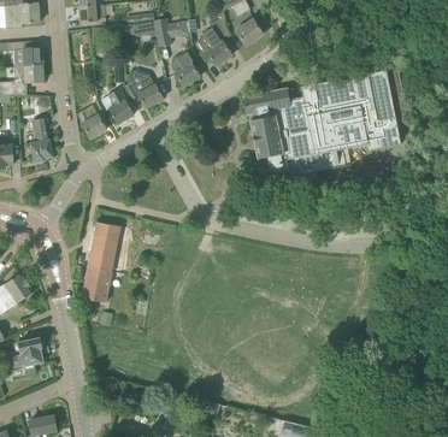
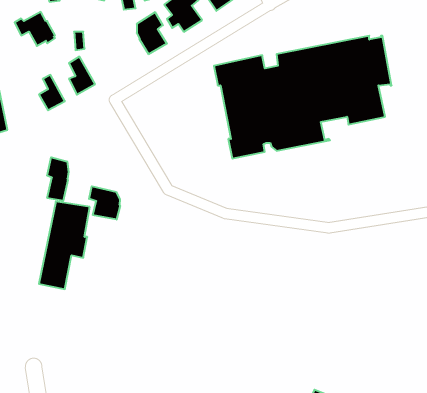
building: [125,76,163,107] -> [15,12,55,46]
building: none -> [47,157,69,201]
building: none -> [89,186,120,220]

